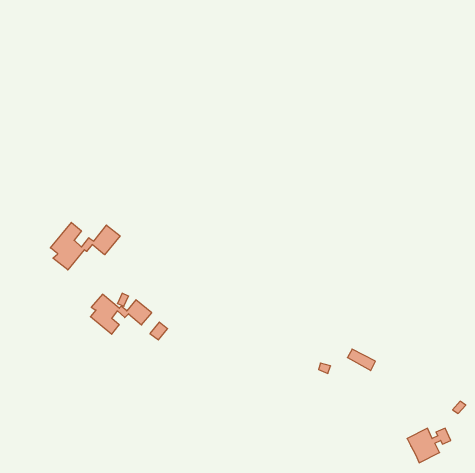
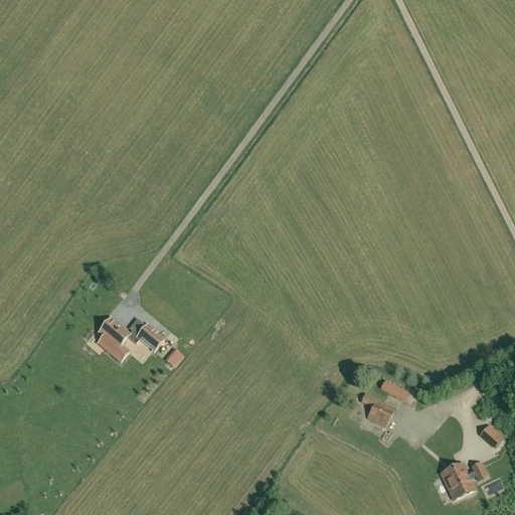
building: [50,222,120,270] -> none
building: none -> [361,393,393,426]

